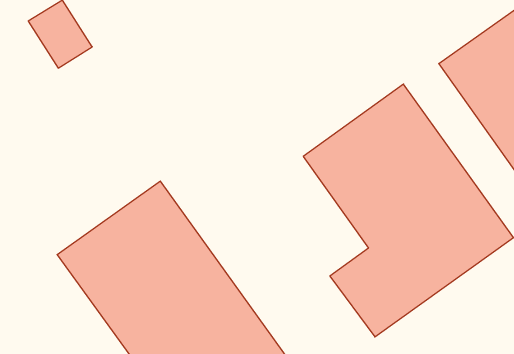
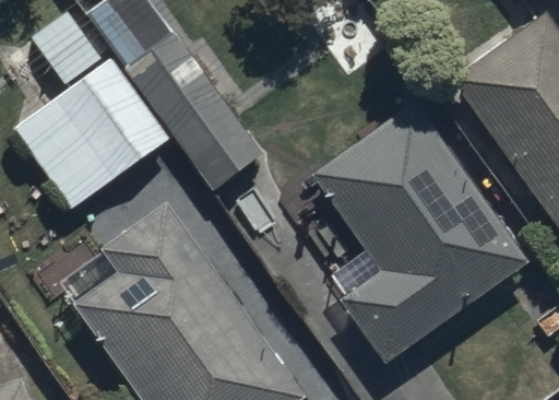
building: none -> [126,30,261,189]
building: none -> [12,60,167,211]

